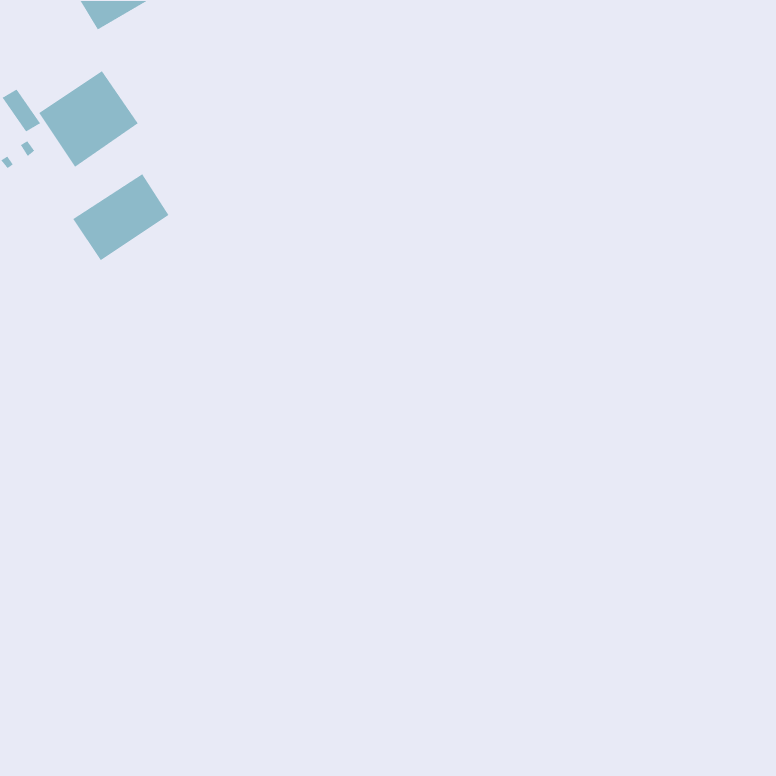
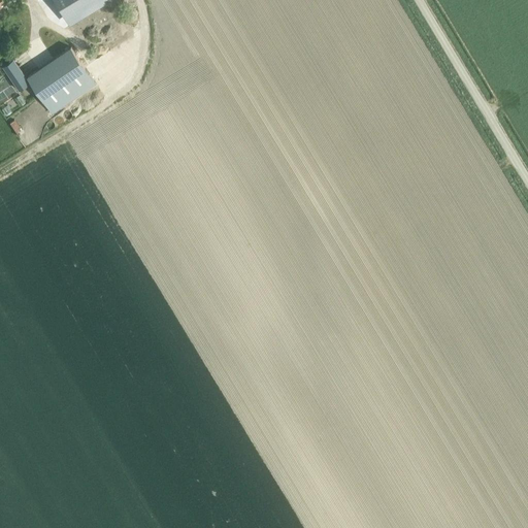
building: [72,173,169,261] -> none

